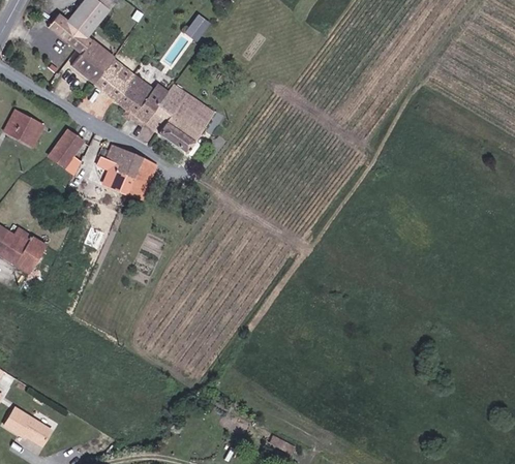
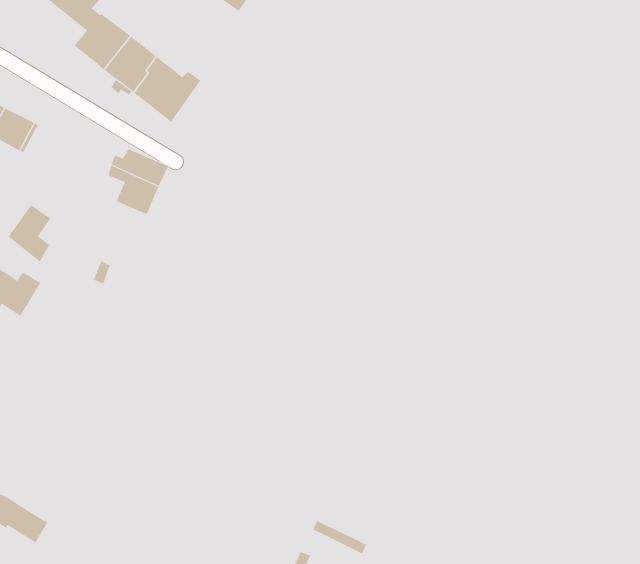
building: [146,84,215,152] -> none
building: [50,130,83,175] -> [8,204,51,262]
building: [127,157,157,200] -> none

